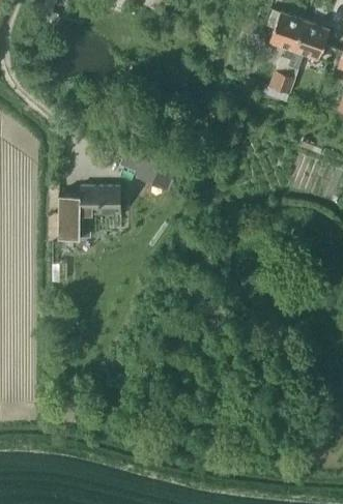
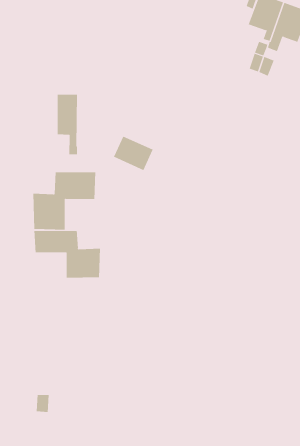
building: none -> [57,94,78,155]
building: none -> [34,230,101,279]

